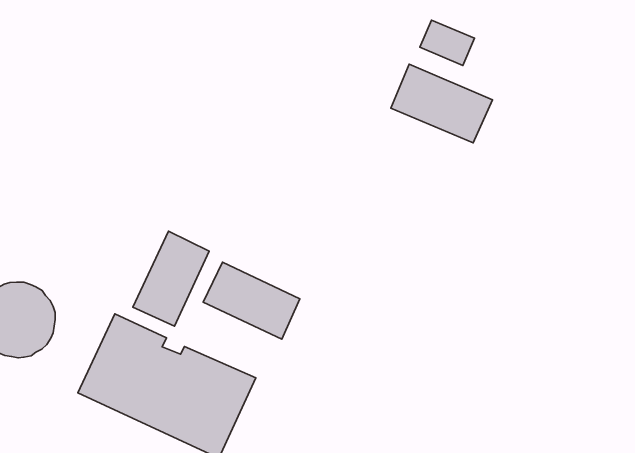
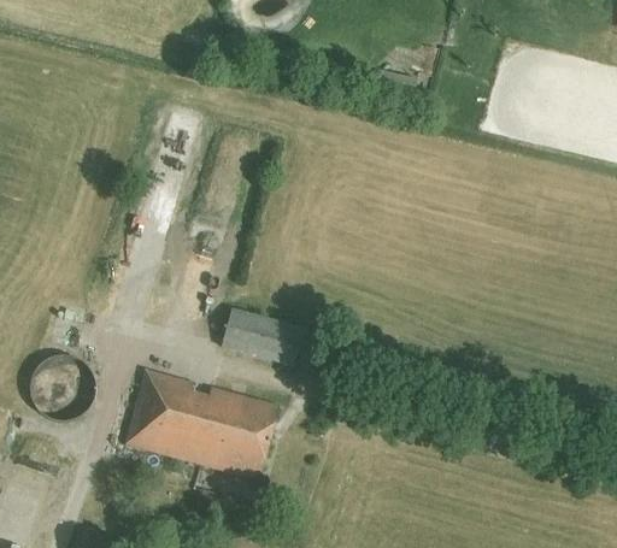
building: [391,64,493,143] -> none
building: [133,231,209,326] -> none

